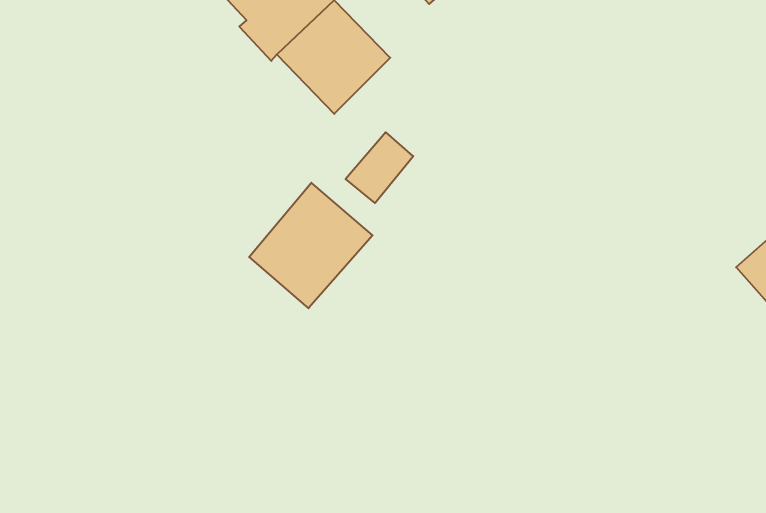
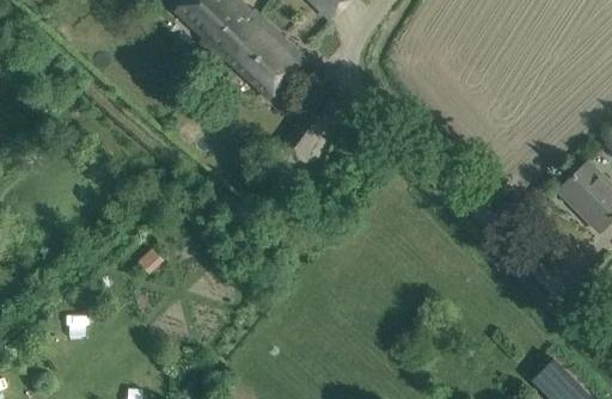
building: [249,183,373,308] -> none

